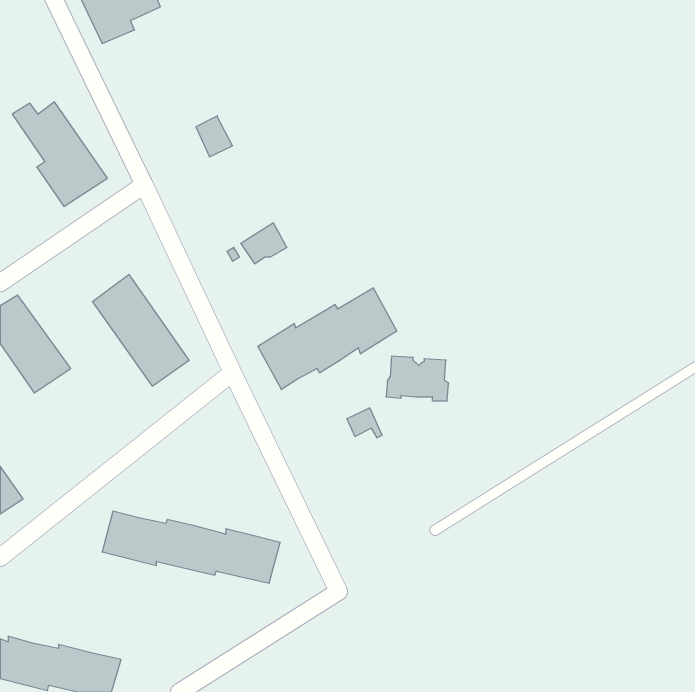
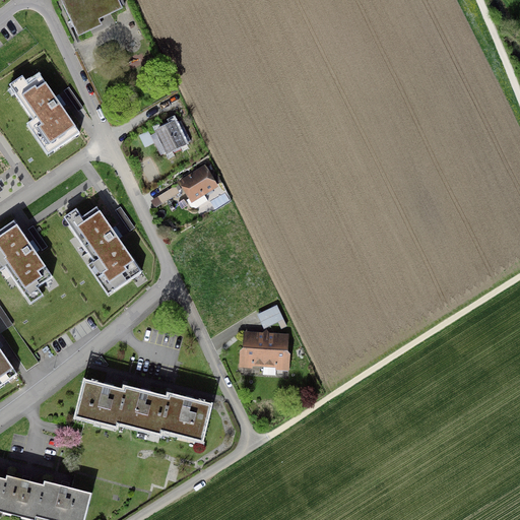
building: [196,116,233,157] -> [156,122,184,152]
building: [258,288,397,390] -> none
building: [386,356,449,401] -> [241,333,287,367]

